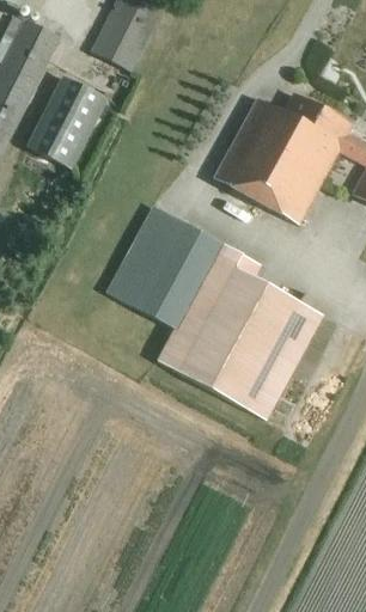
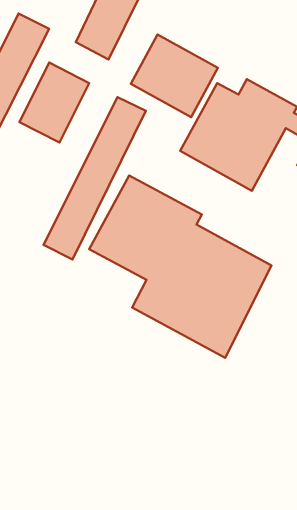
building: none -> [131,34,218,117]
building: none -> [44,97,146,259]

